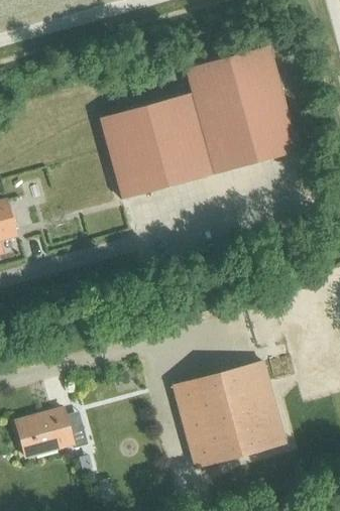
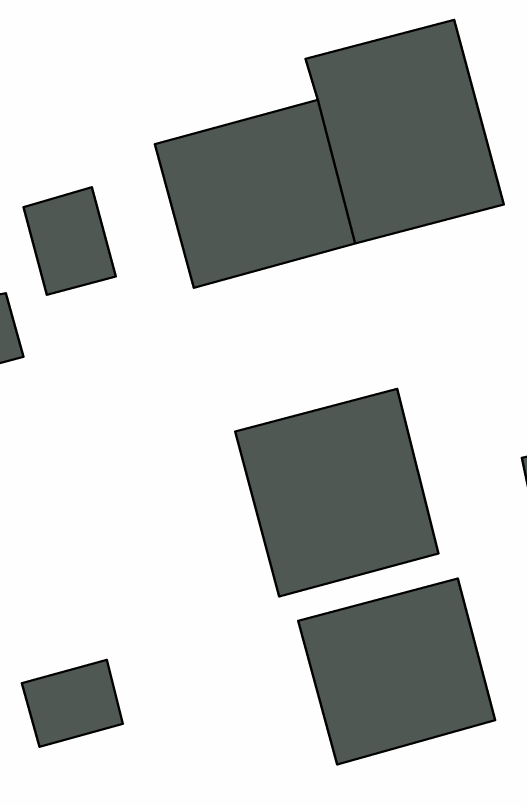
building: none -> [23,187,116,295]
building: none -> [235,389,438,596]

